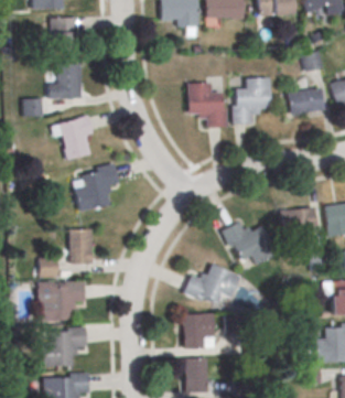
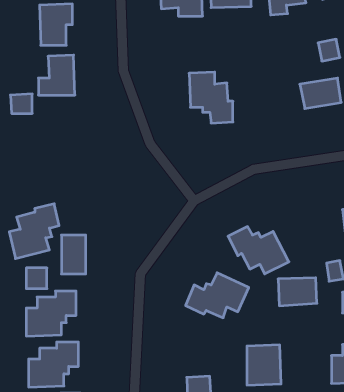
building: [231,77,270,123] -> none
building: [61,119,95,163] -> none
building: [73,161,118,211] -> [9,204,59,259]
building: [282,207,317,233] -> [278,278,317,306]
building: [182,312,213,348] -> [247,345,281,385]

